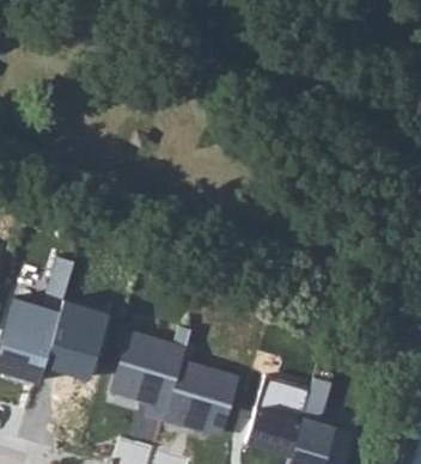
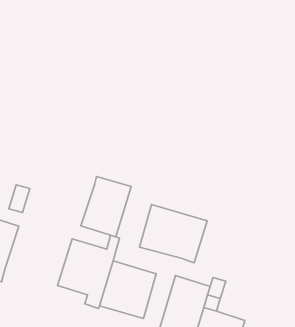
building: none -> [139,204,207,263]
building: [41,303,106,381] -> [81,176,131,237]

